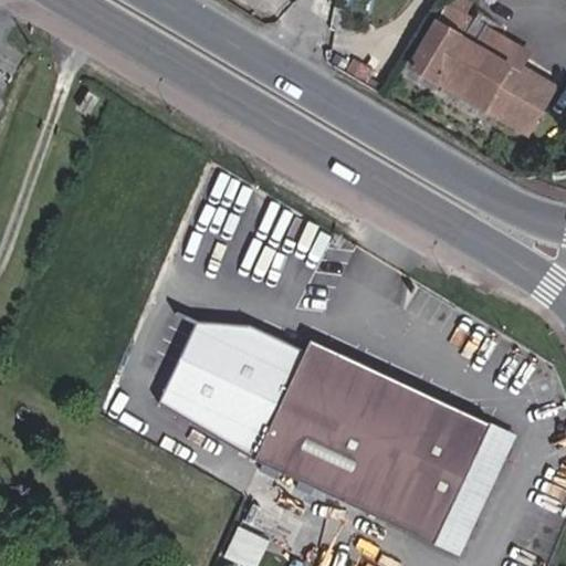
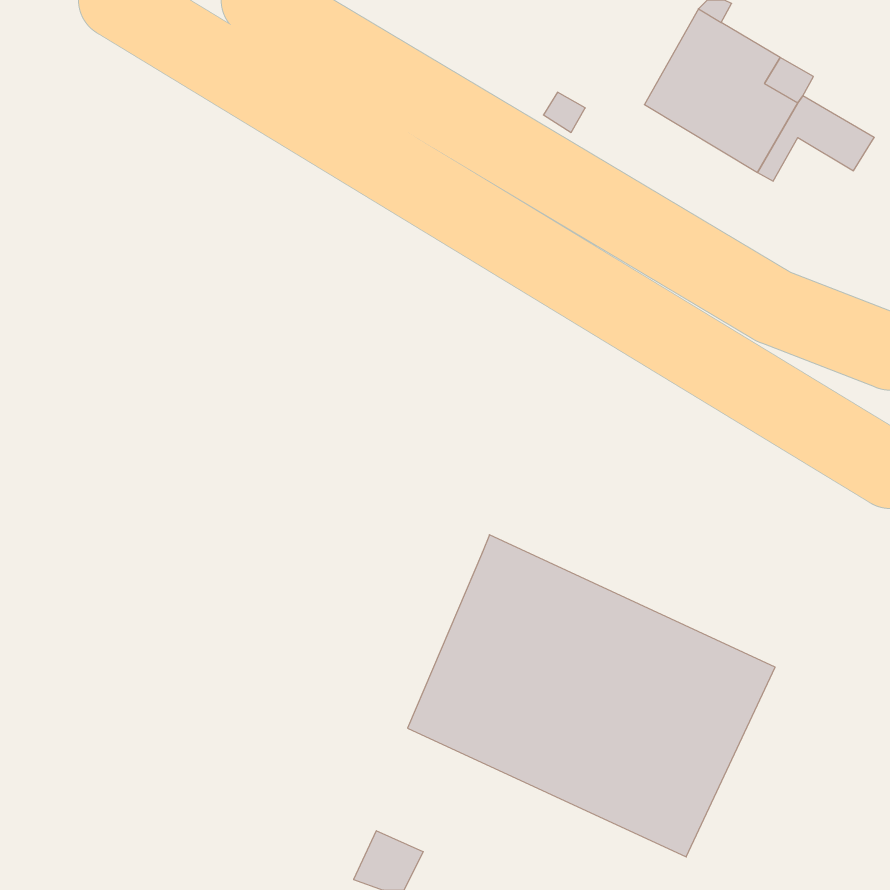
building: [491,87,542,135] -> none
building: [157,321,306,462] -> none
building: [436,423,516,556] -> none

